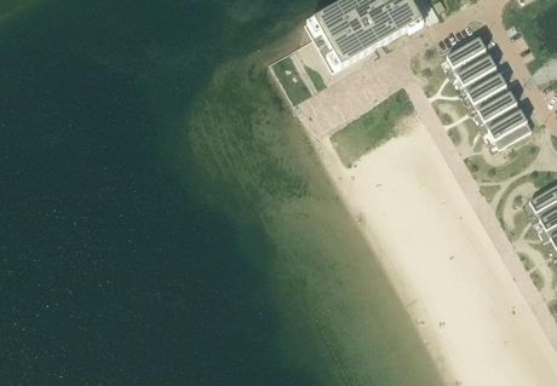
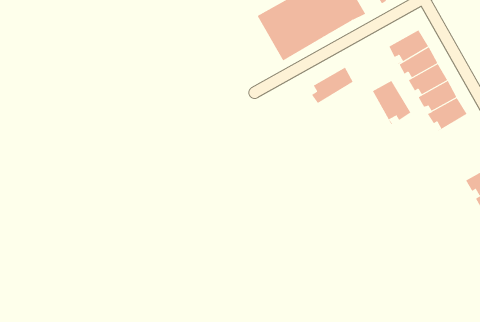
building: none -> [308,67,354,104]
building: none -> [372,80,411,125]

